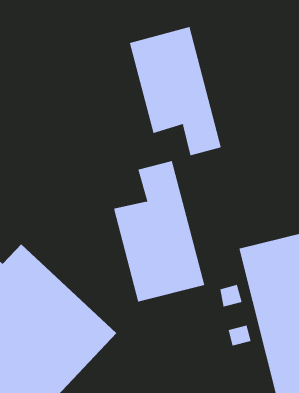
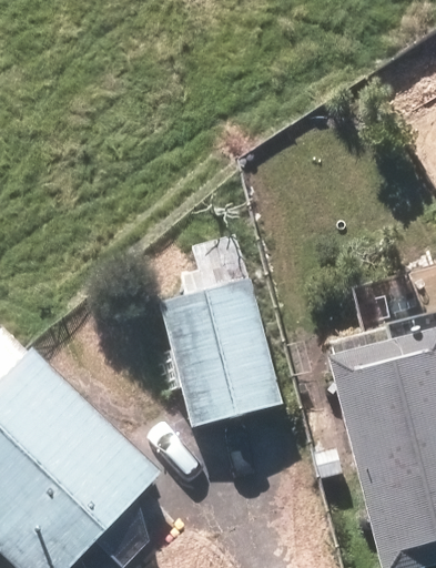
building: [129,26,221,156] -> none

